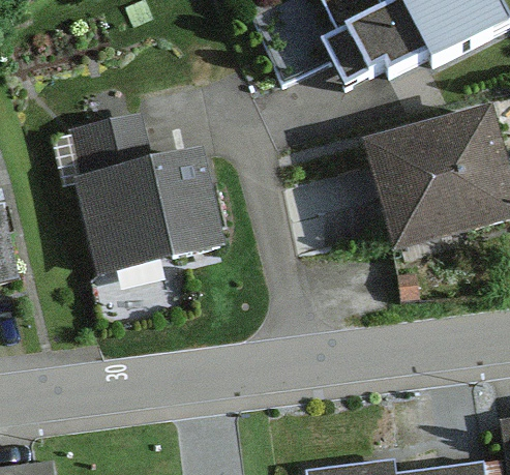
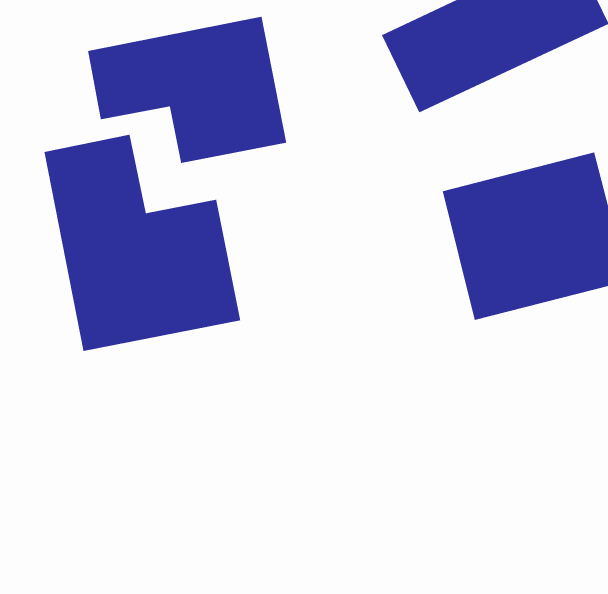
building: none -> [87,16,287,164]

